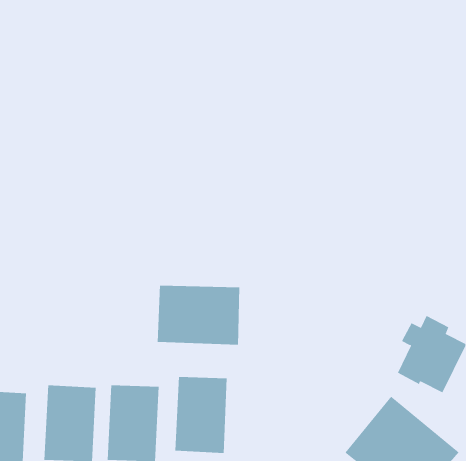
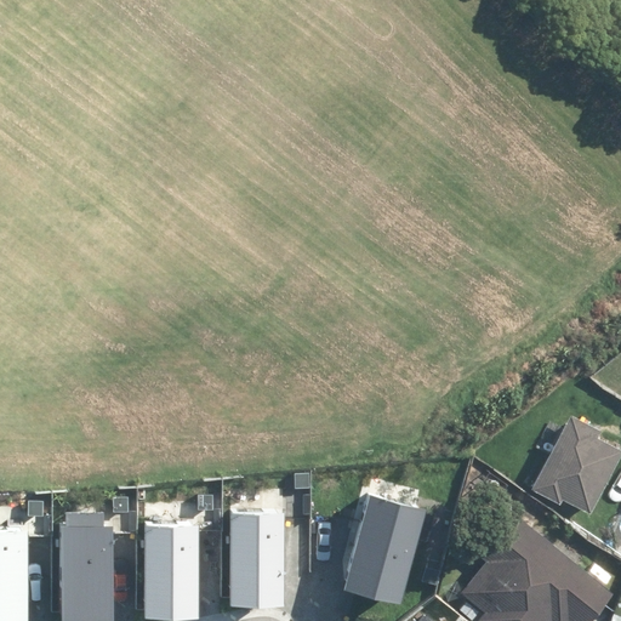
building: [157,285,240,346] -> none
building: none -> [338,492,431,605]

